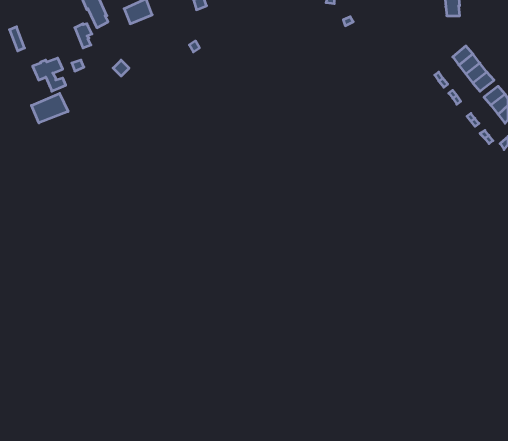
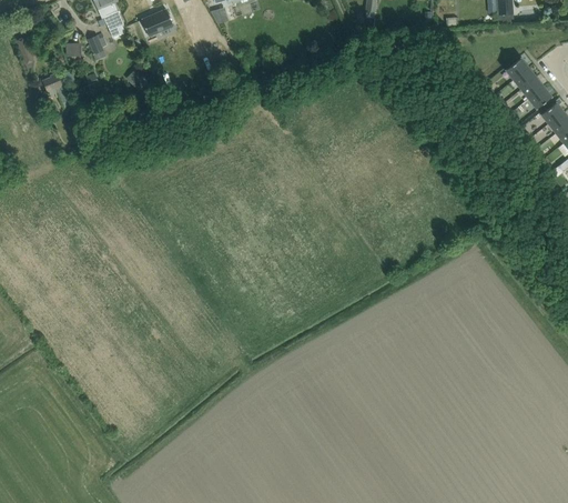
building: [31,93,68,123] -> none

